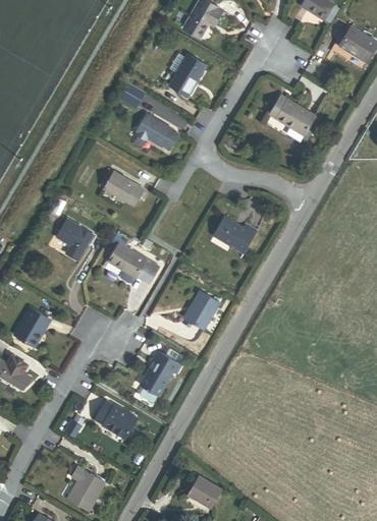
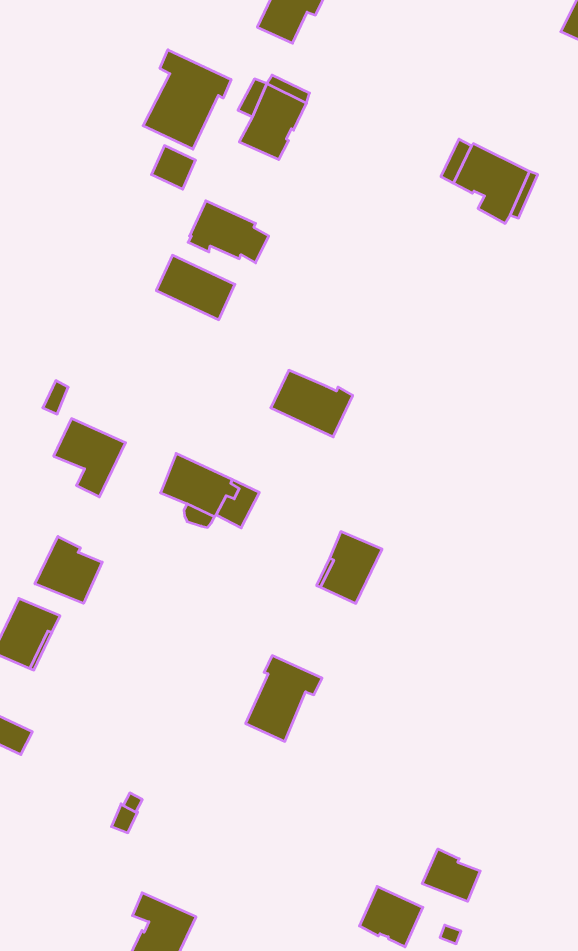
building: none -> [143,50,231,149]
building: [103,171,144,207] -> [156,255,235,320]
building: [212,217,255,253] -> [271,370,353,437]
building: none -> [35,536,102,603]
building: [95,400,137,438] -> none
building: none -> [422,849,480,901]

